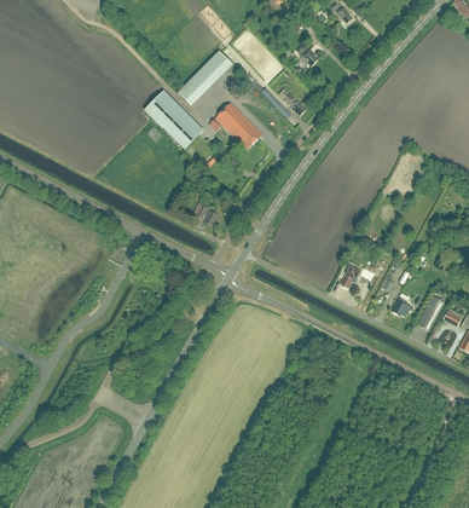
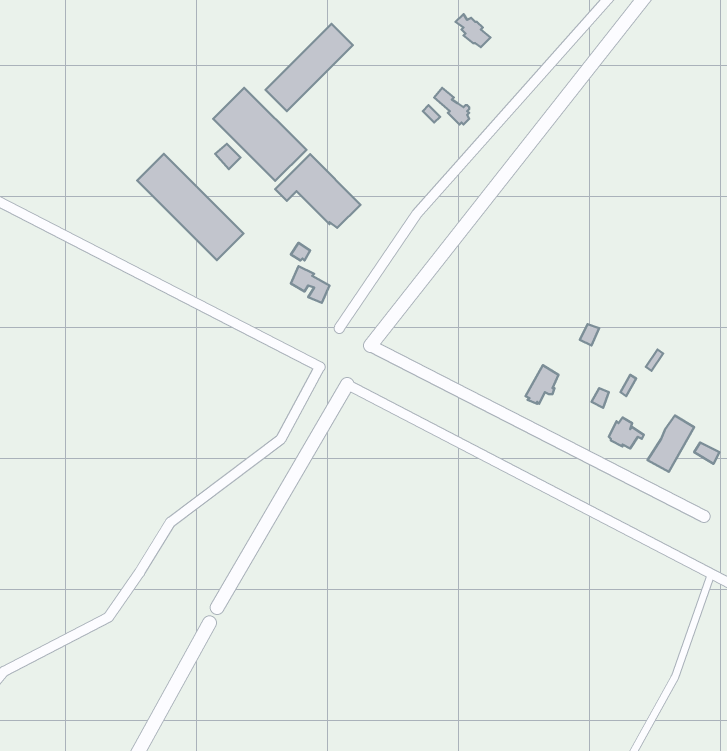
building: [208,100,261,146] -> [275,154,361,228]
building: none -> [137,154,244,260]

